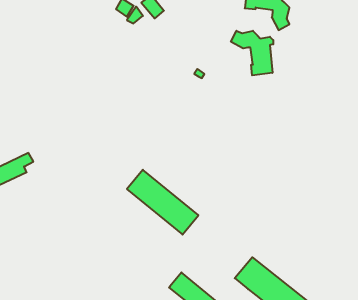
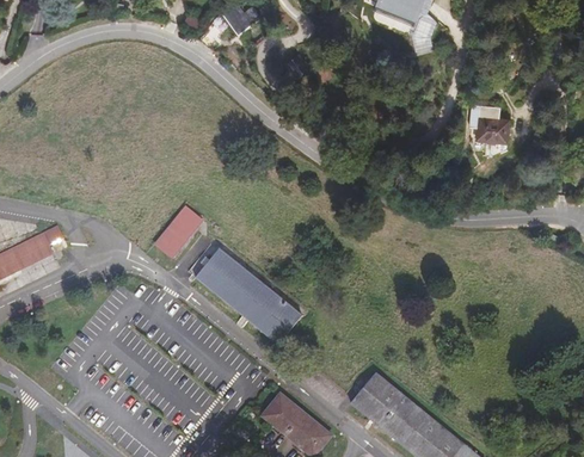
building: [231,31,273,75] -> none
building: none -> [477,116,509,142]
building: none -> [159,206,202,254]

